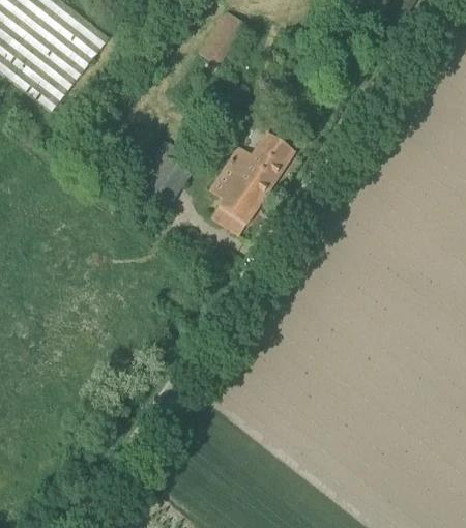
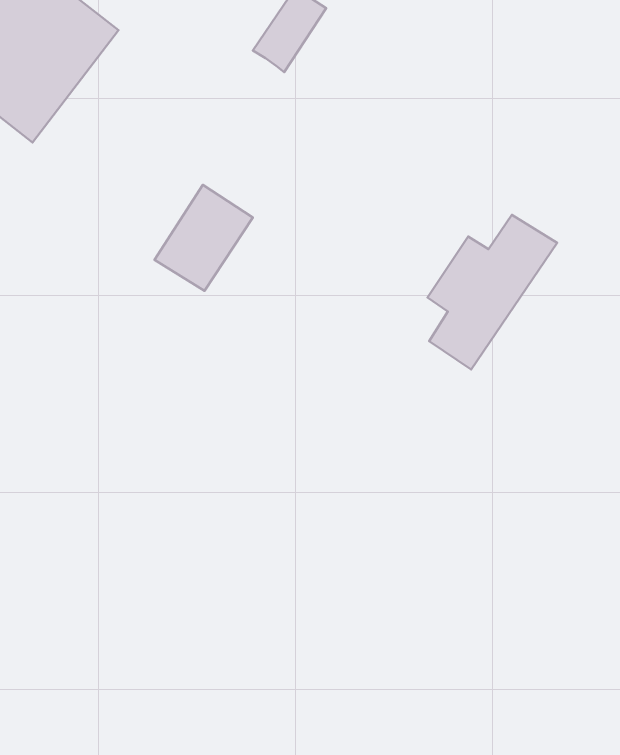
building: [209,131,295,234] -> [427,215,557,369]

